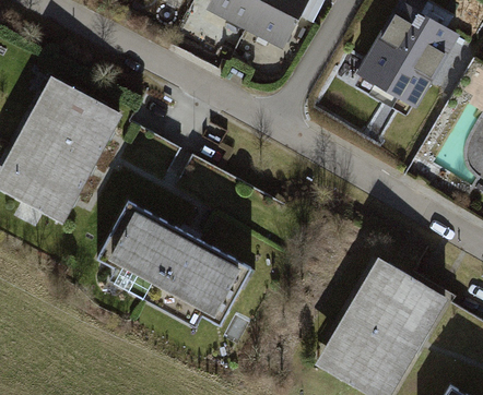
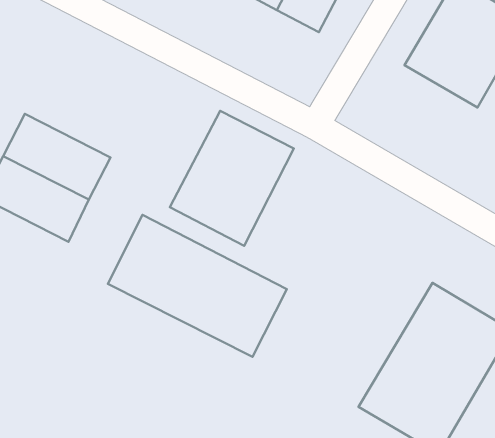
building: [31,79,122,152] -> none
building: none -> [170,111,294,246]

